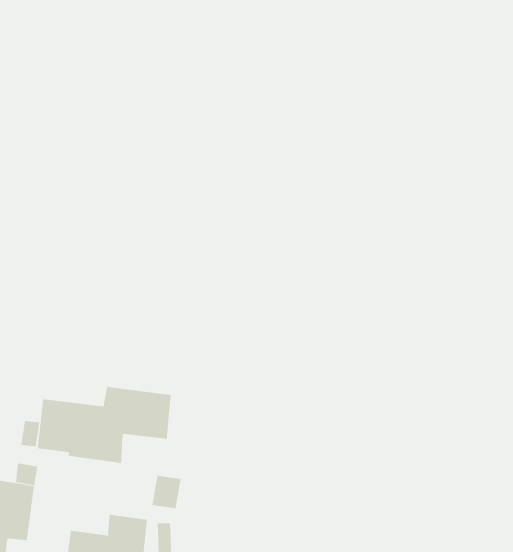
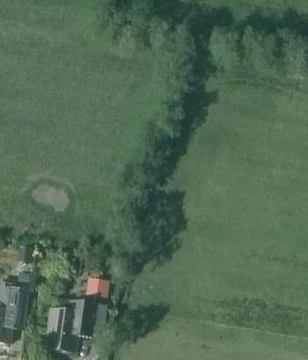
building: [37,386,171,464] -> none

